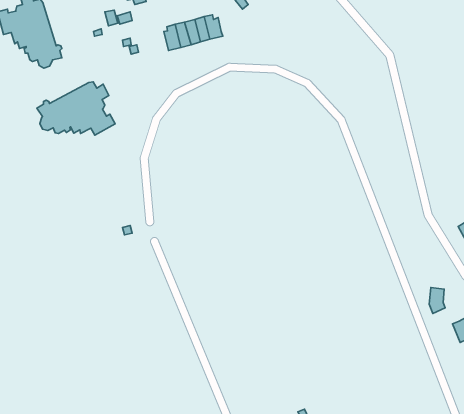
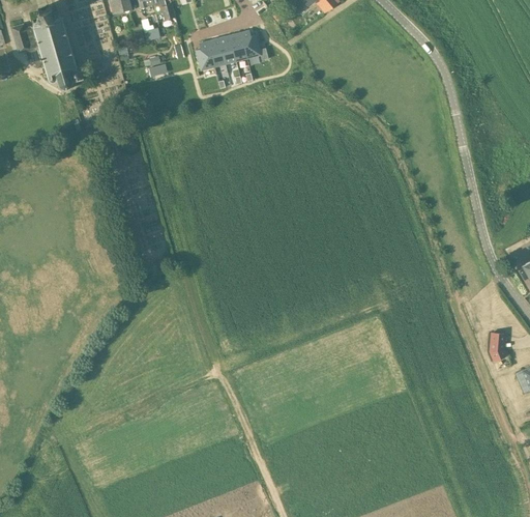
building: [37,82,115,135] -> none

